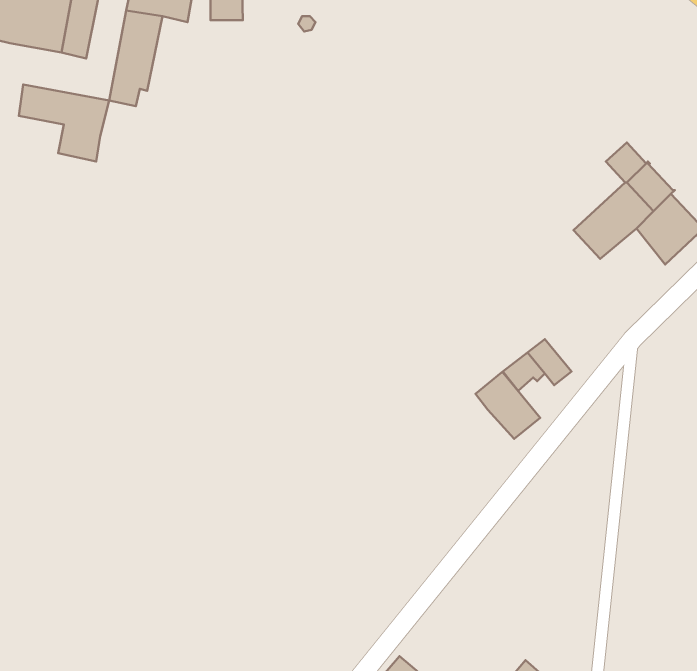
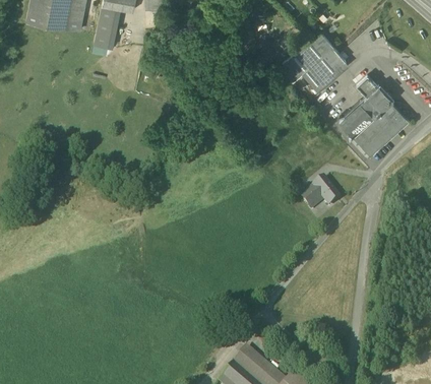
building: none -> [281,35,347,88]
building: [19,84,109,161] -> none
building: none -> [354,122,388,157]
building: [476,372,540,439] -> none

